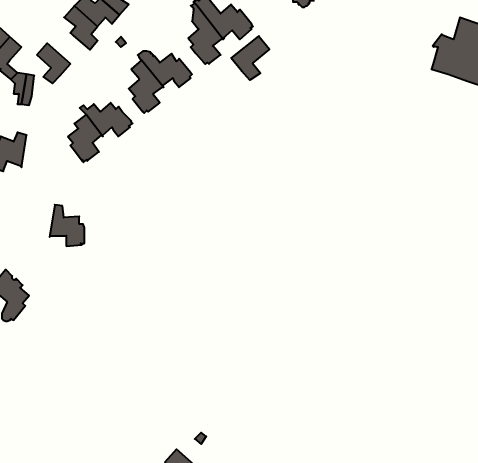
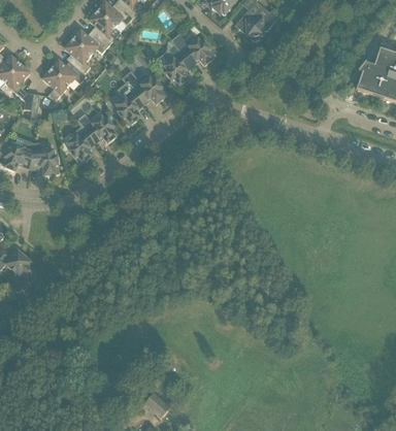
building: none -> [51,59,87,85]
building: [231,36,269,80] -> none
building: [50,205,84,246] -> [30,141,58,174]

